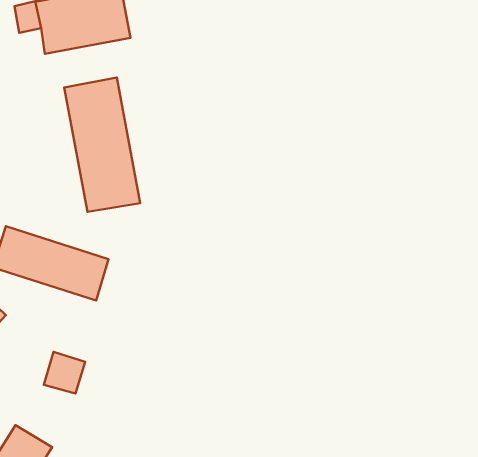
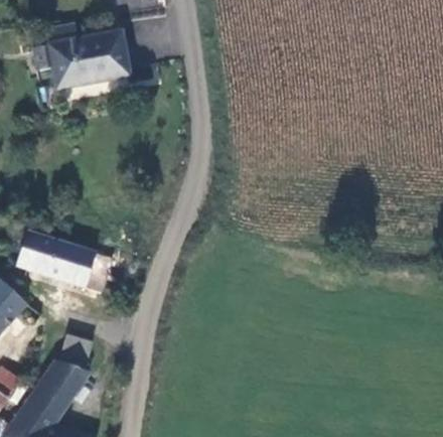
building: [64,77,140,212] -> none
building: none -> [34,360,88,413]

